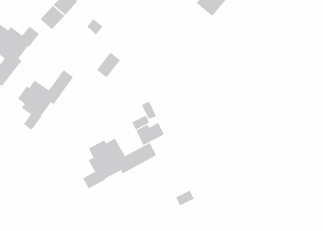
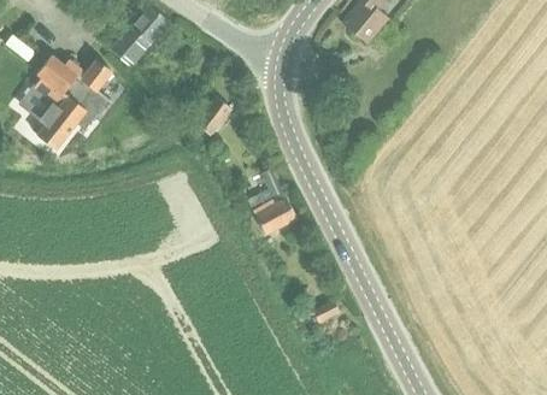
building: [17,69,74,131] -> none
building: [82,138,157,189] -> none

